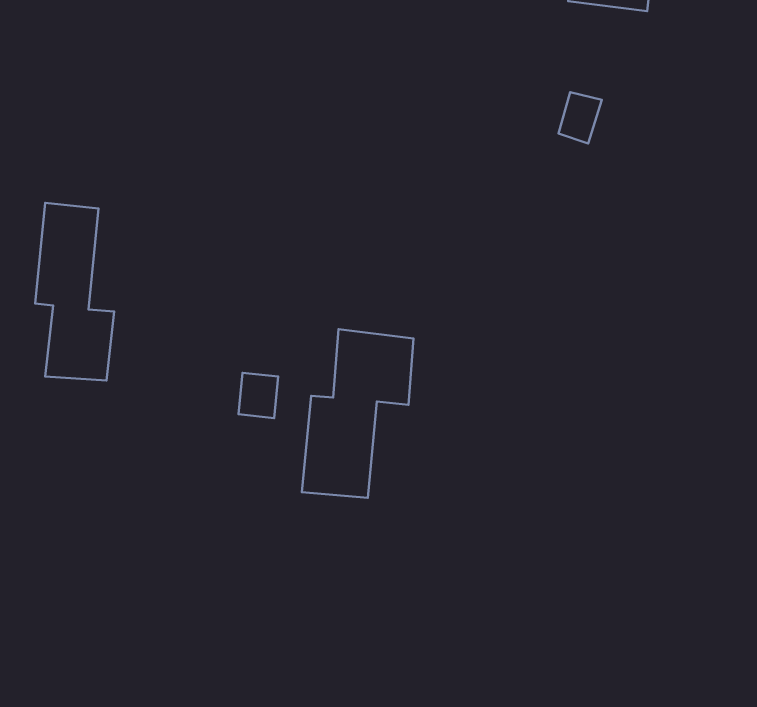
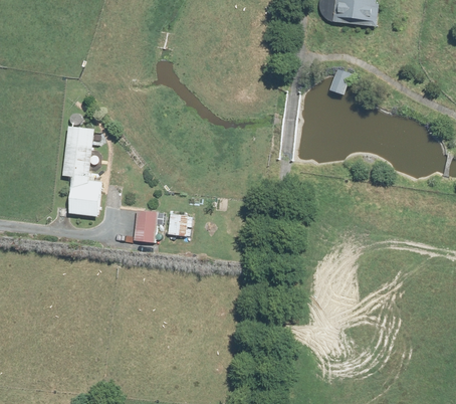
building: [302,329,413,498] -> none
building: none -> [131,209,157,242]

